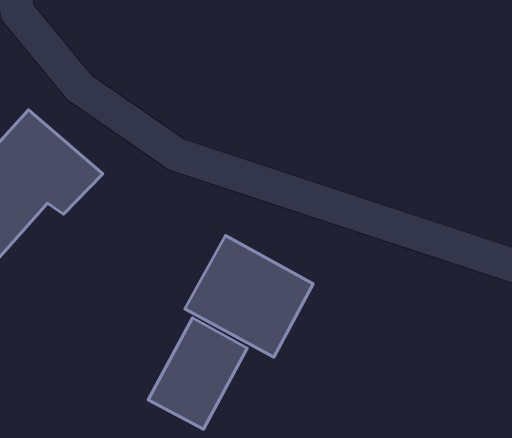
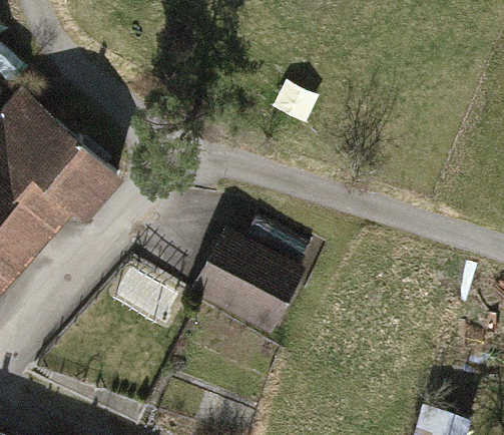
building: [148,318,247,429] -> none

